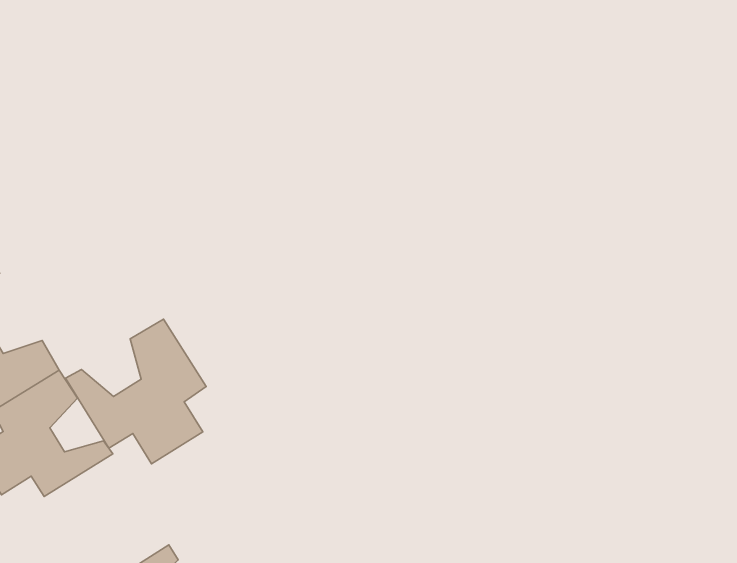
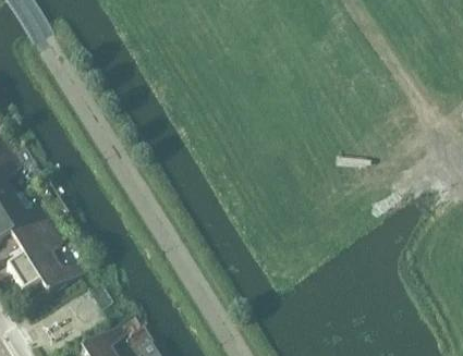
building: [65,319,206,464] -> none

